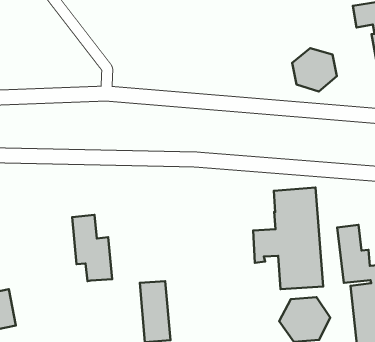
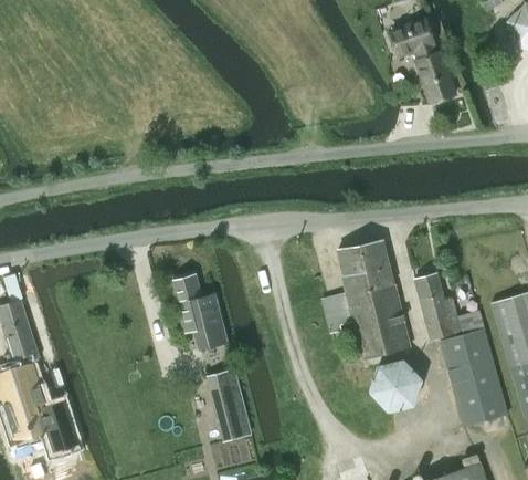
building: [292,48,337,91] -> none
building: [72,215,112,281] -> [172,274,228,348]

